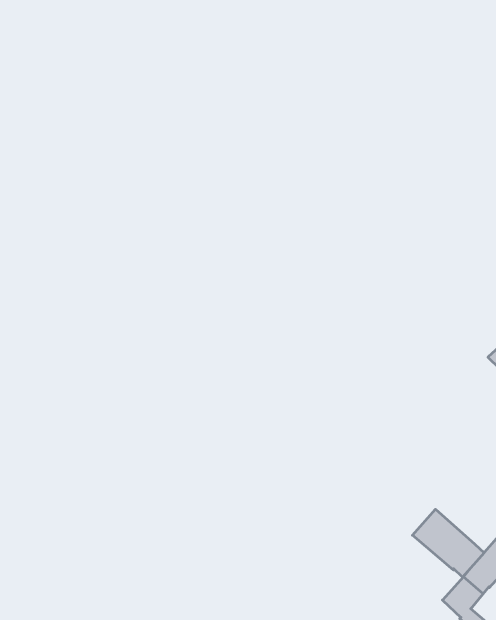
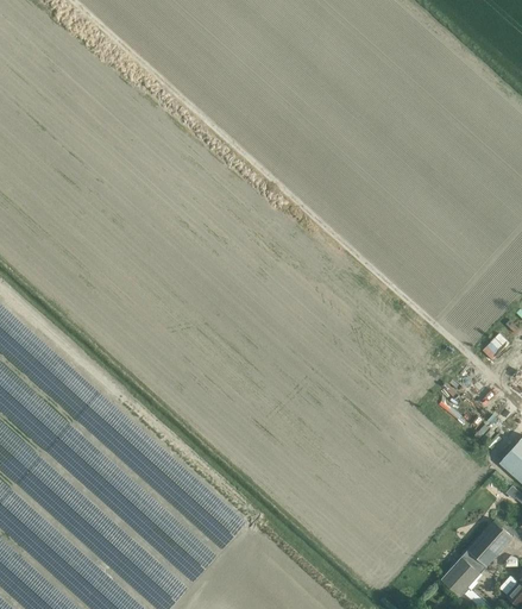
building: [412,509,484,577] -> none

